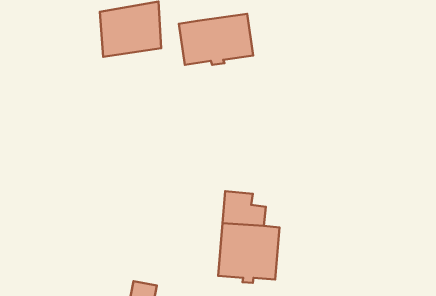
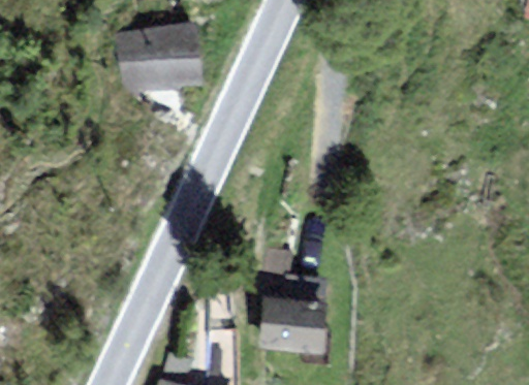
building: [179,14,253,65] -> none

